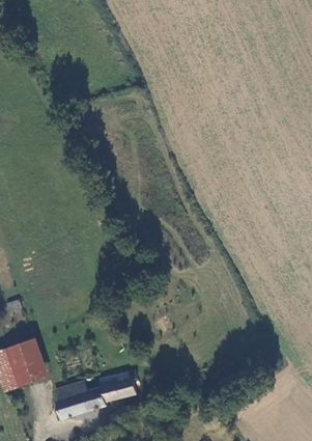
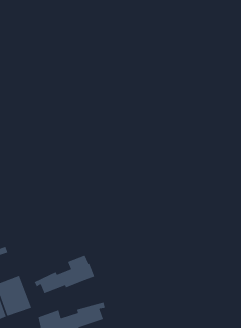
building: none -> [34,255,95,294]

